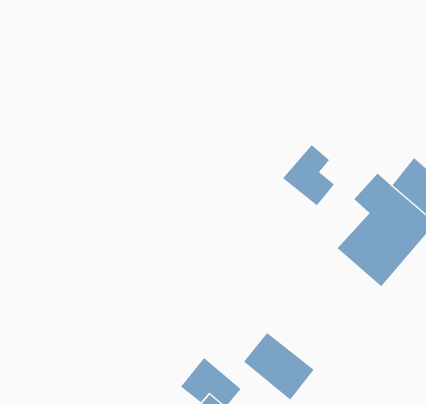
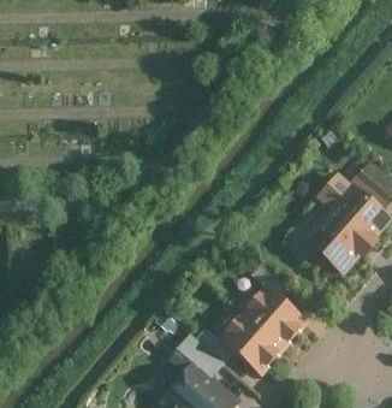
building: [282,144,335,206] -> none
building: none -> [243,286,305,345]

